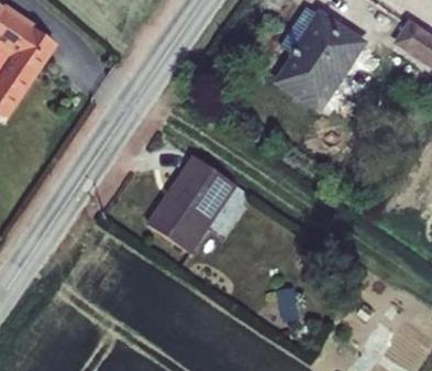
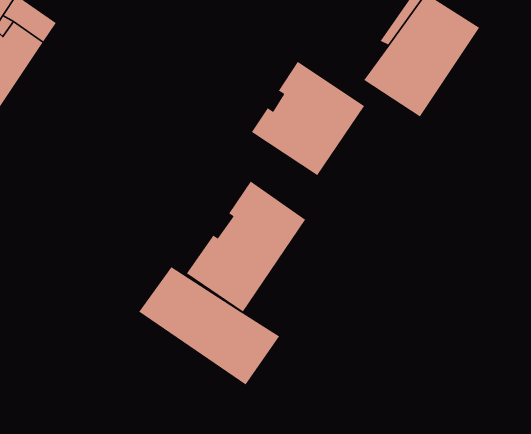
building: none -> [251,61,365,176]
building: none -> [138,266,280,385]

